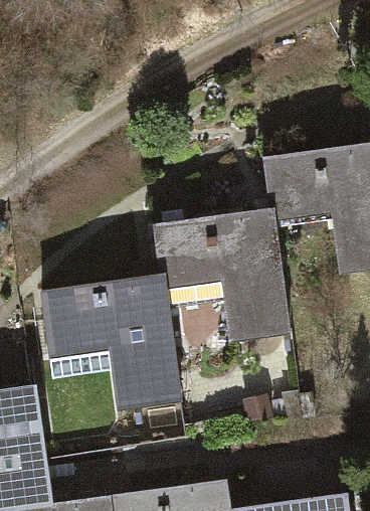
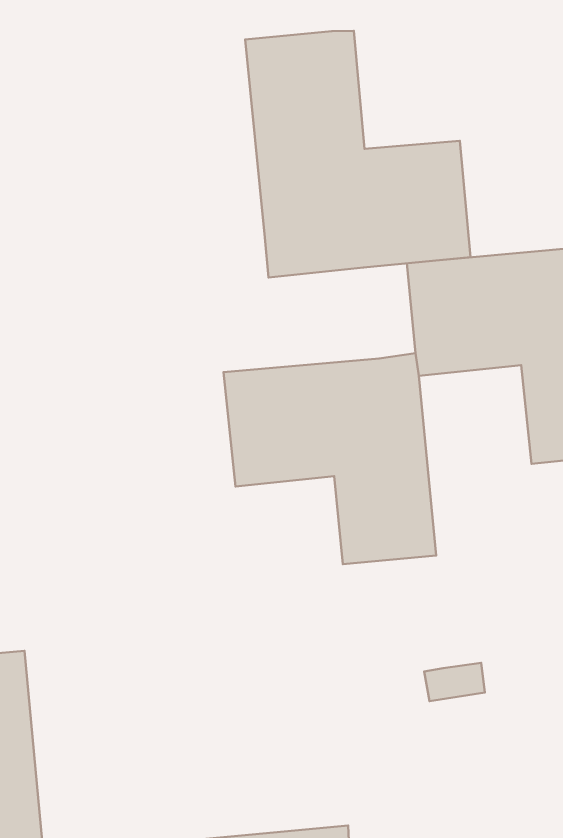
building: none -> [245,31,470,277]
building: [41,282,176,403] -> none

